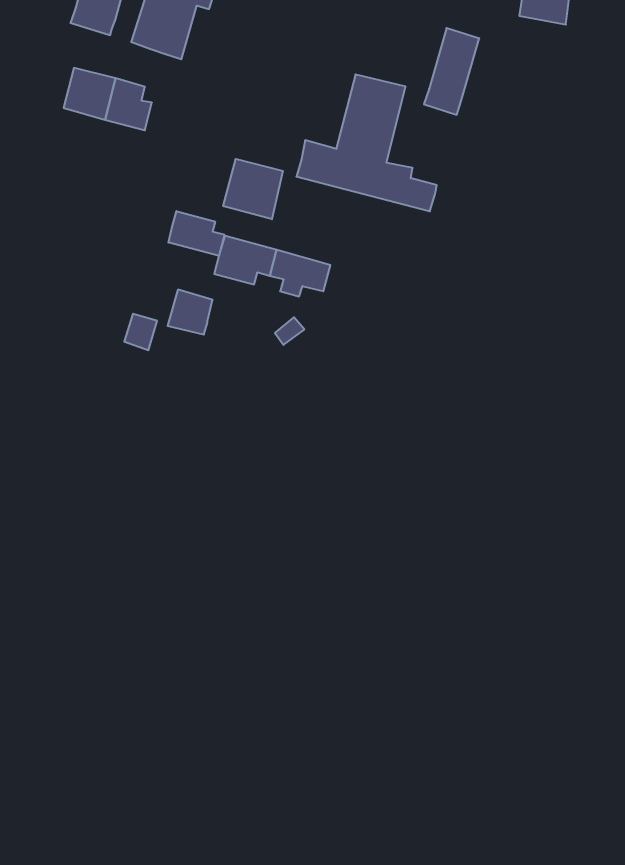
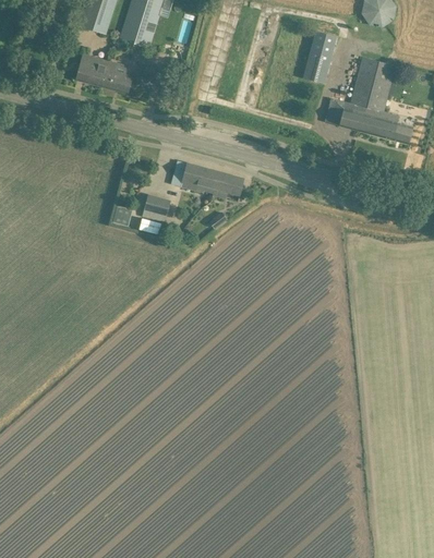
building: [296,74,437,211] -> [324,57,412,143]
building: [223,159,283,219] -> none
building: [168,211,224,256] -> none

